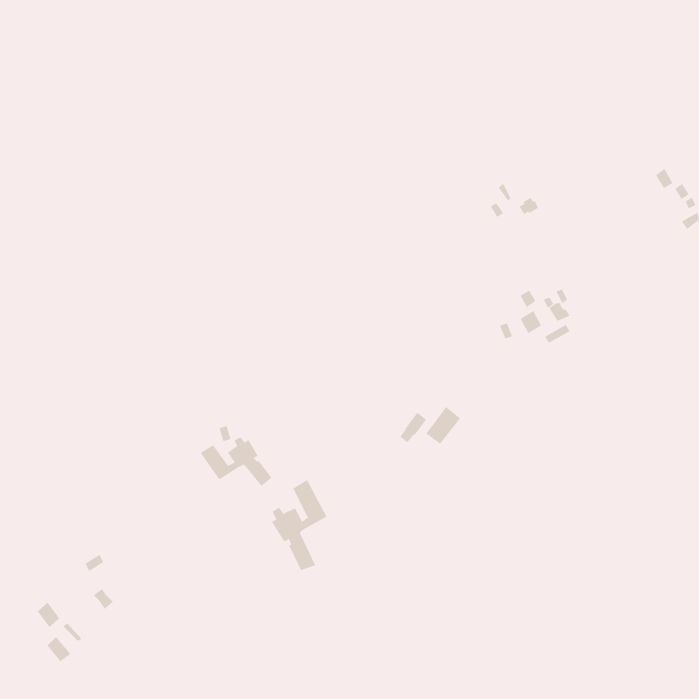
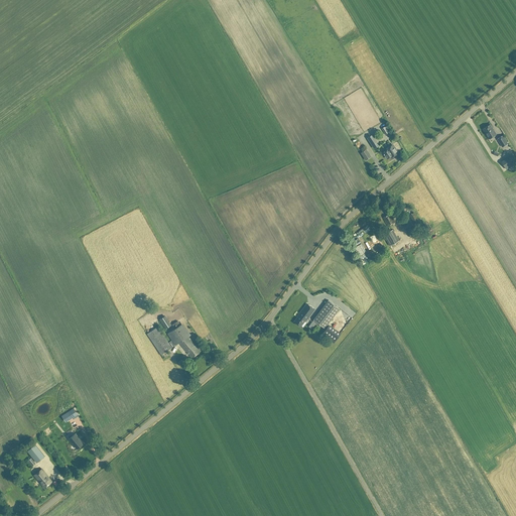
building: [271,479,327,571] -> none

